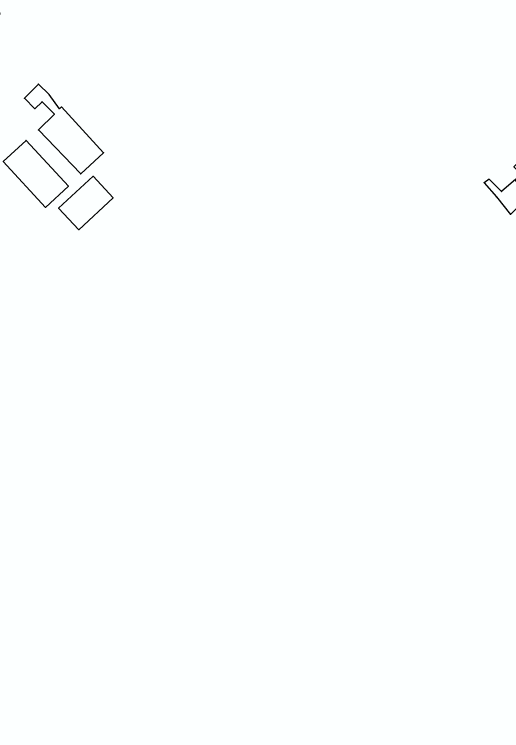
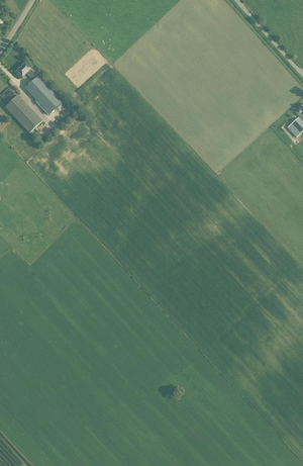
building: [59,176,113,230] -> none

